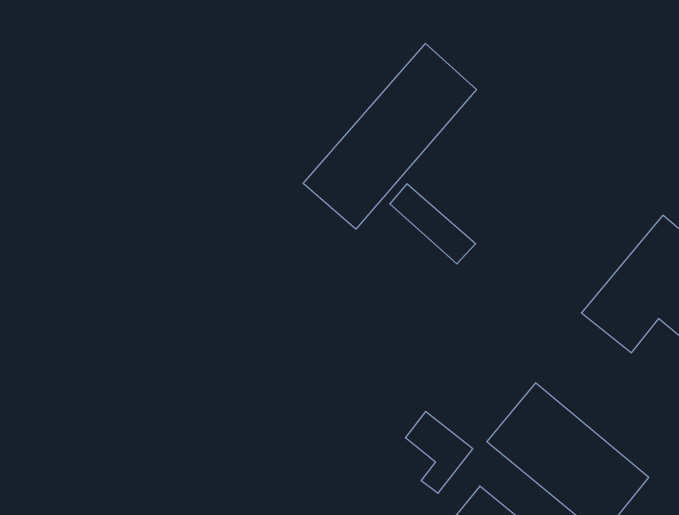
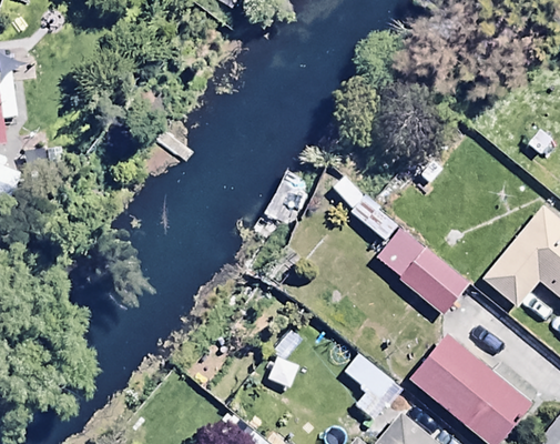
building: [303,44,476,229] -> none
building: none -> [373,225,470,315]

